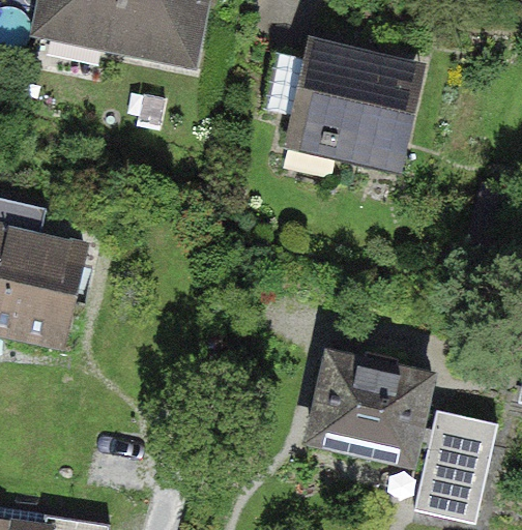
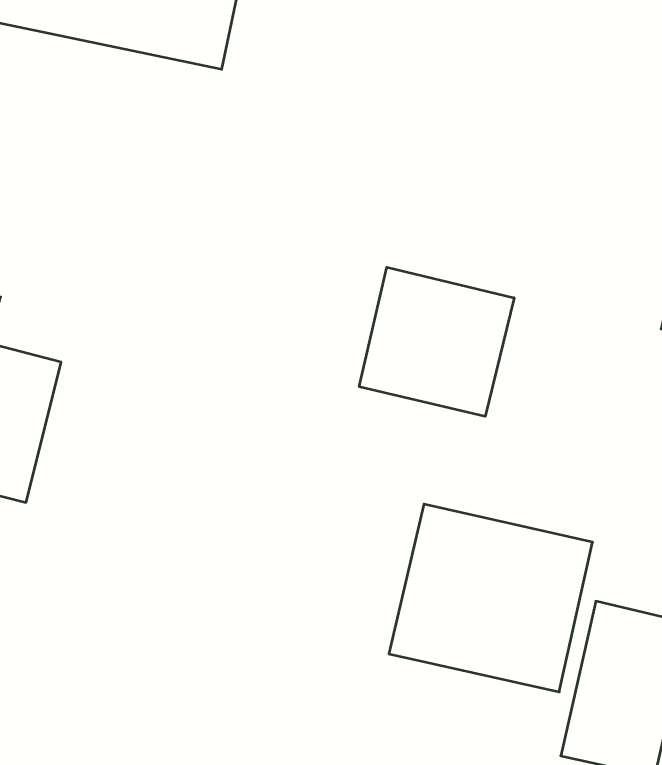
building: [290,43,411,160] -> none
building: none -> [359,267,514,416]

